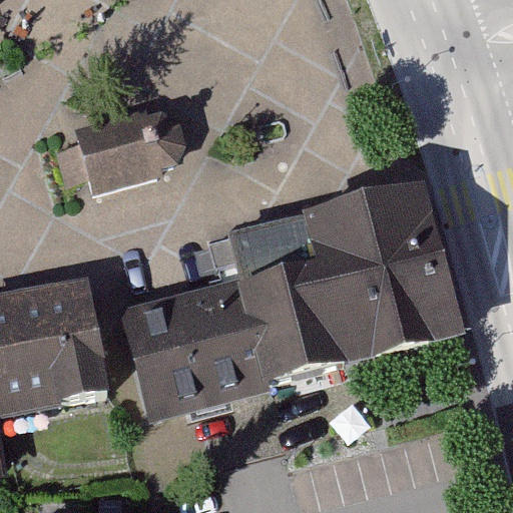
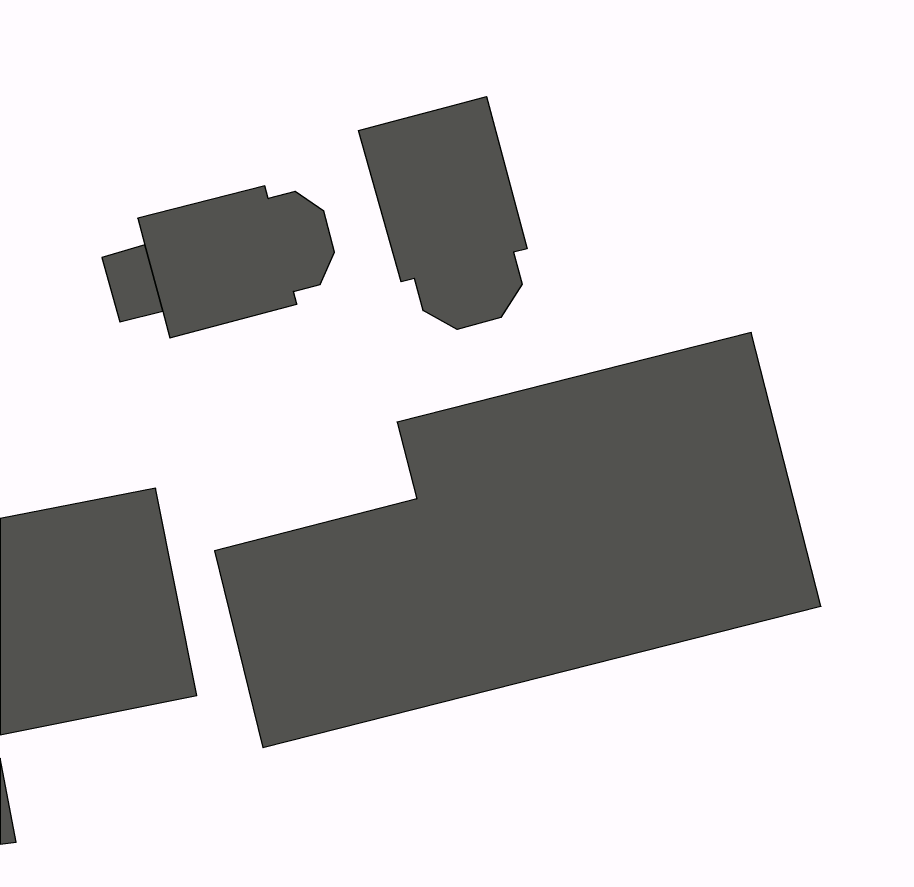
building: none -> [359,97,527,329]

